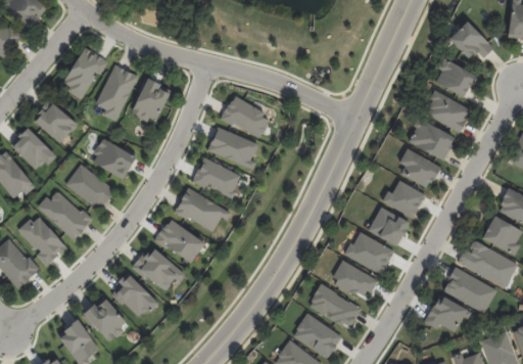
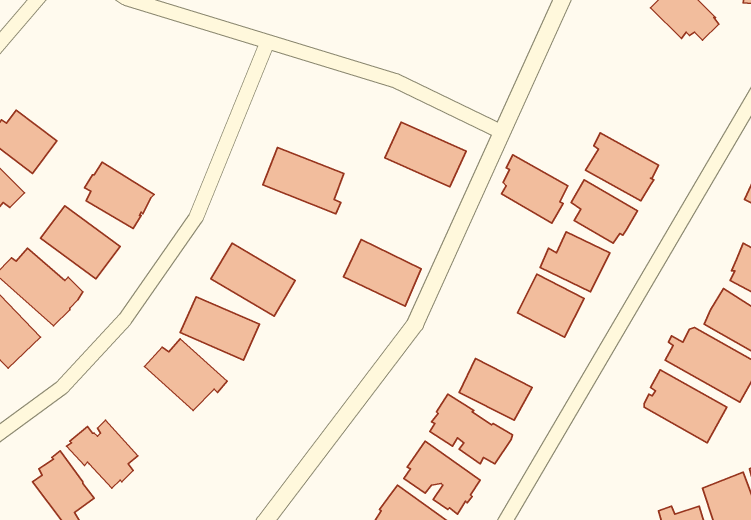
building: [60,47,106,98] -> none
building: [436,57,477,97] -> none
building: [94,64,136,121] -> none
building: [132,76,172,121] -> none
building: [428,89,470,132] -> [501,155,568,223]
building: [219,97,270,138] -> [385,122,466,187]
building: [190,156,239,198] -> [343,240,421,306]
building: [344,233,392,272] -> none
building: [109,274,157,318] -> none
building: [422,294,466,332] -> none

